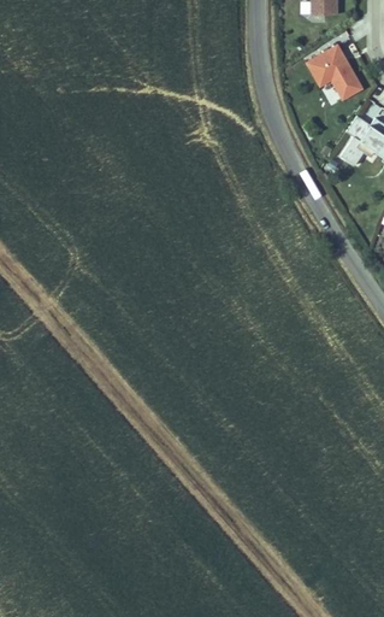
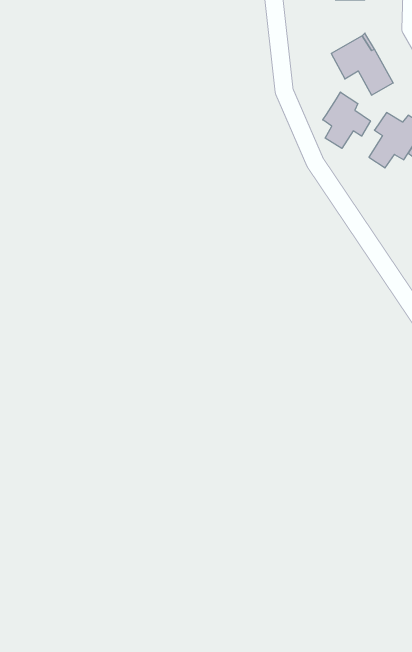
building: none -> [323,92,370,148]

